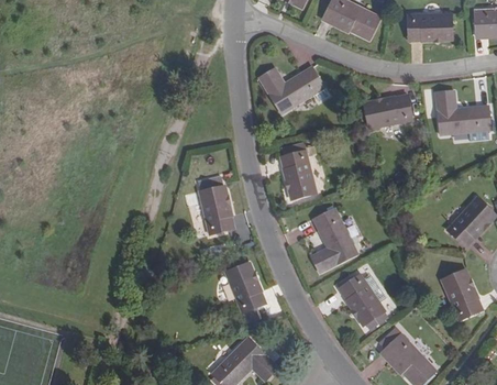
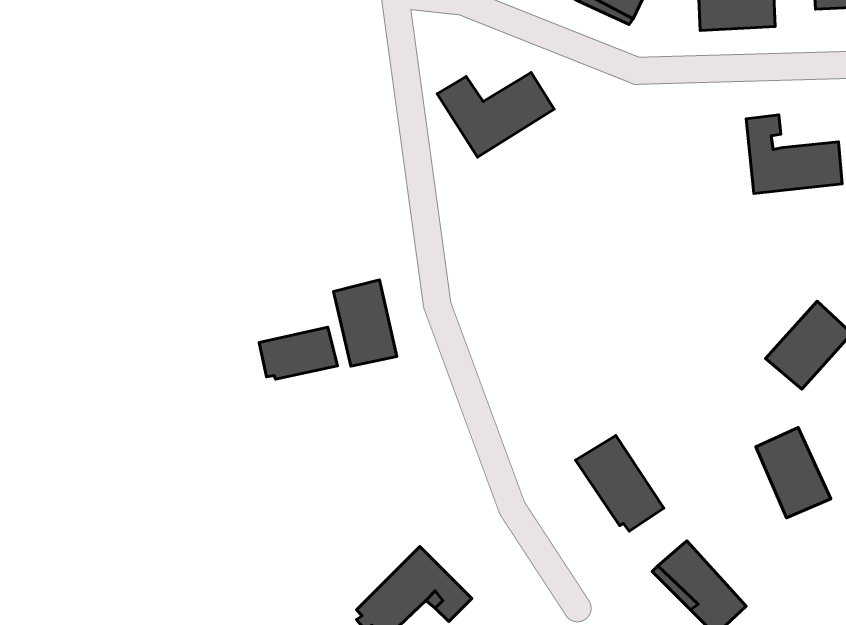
building: [363,94,412,130] -> none
building: [279,151,317,200] -> none
building: [311,208,357,273] -> none
building: none -> [259,327,338,379]
building: [225,263,267,314] -> none

